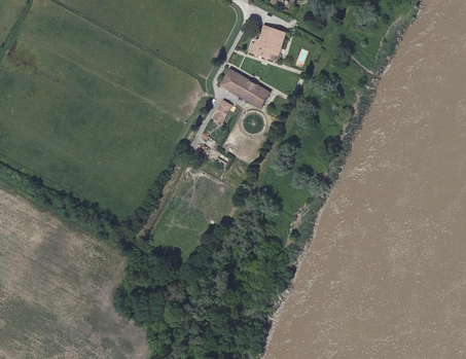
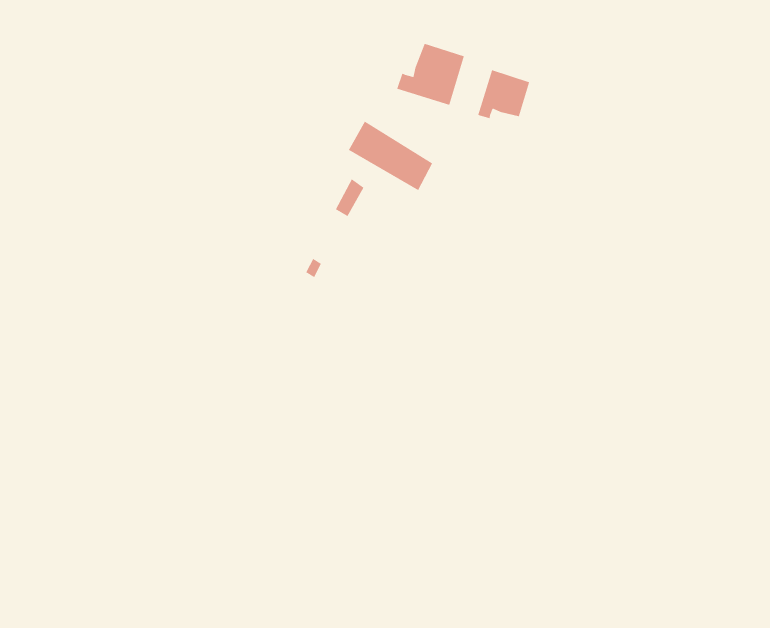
building: none -> [477,69,530,119]

